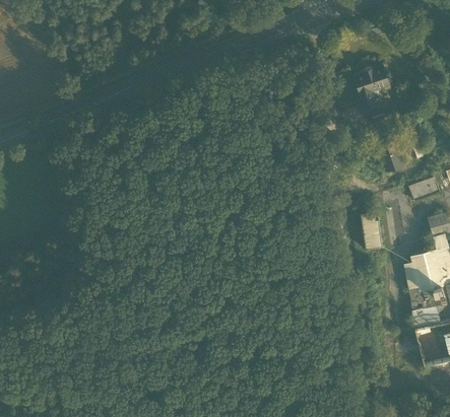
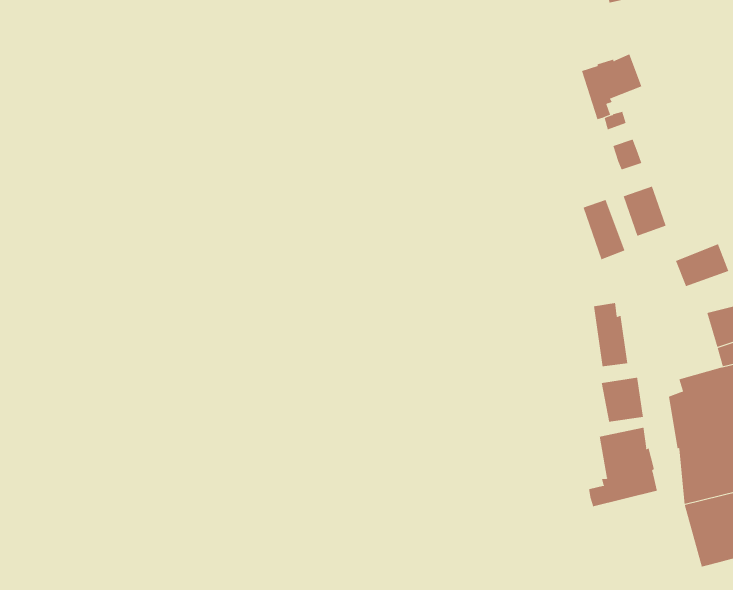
building: none -> [583,199,625,260]
building: none -> [601,377,643,423]
building: none -> [588,427,658,507]

